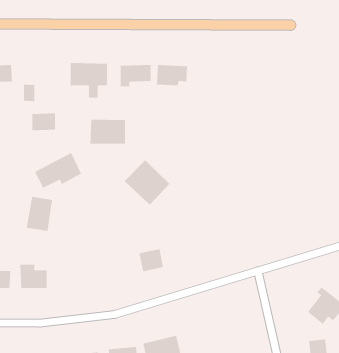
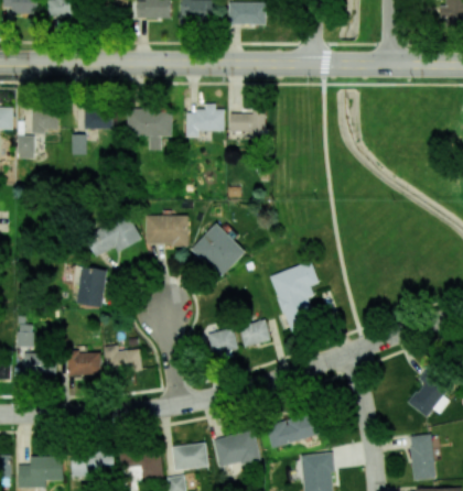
building: [31,113,56,131] -> [84,109,112,130]
building: [89,119,126,144] -> [144,216,187,246]
building: none -> [269,262,319,330]
building: none -> [238,319,270,348]
building: none -> [104,346,142,374]
building: none -> [267,415,321,445]

